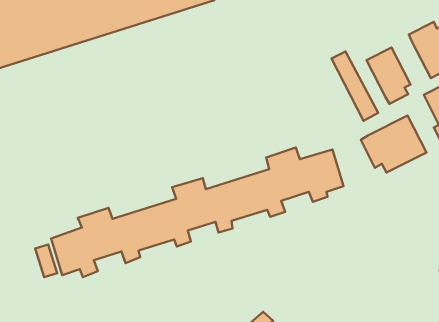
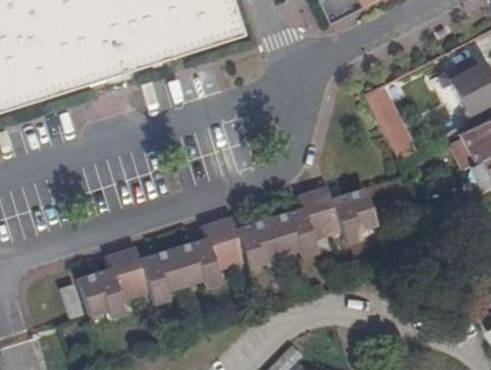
building: [367,48,410,104] -> none
building: [361,115,426,173] -> none

